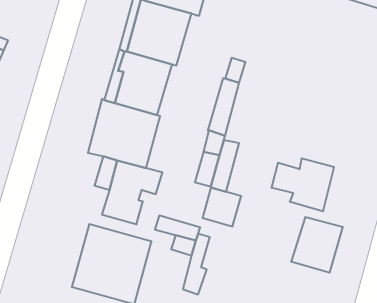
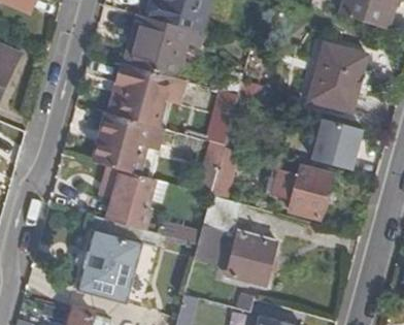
building: none -> [309,44,364,109]
building: none -> [310,117,362,168]
building: [291,217,343,272] -> [226,232,275,285]

